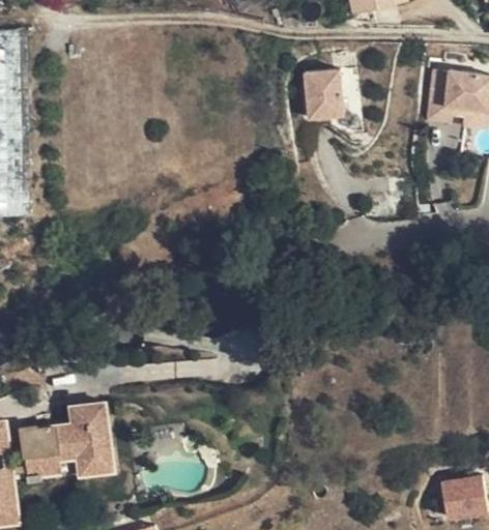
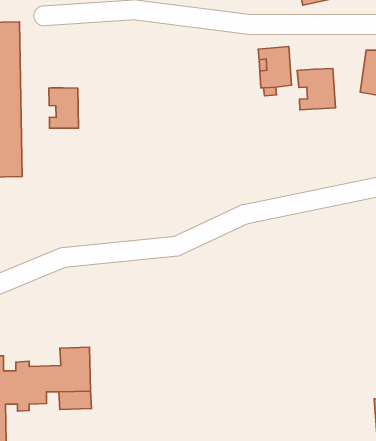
building: none -> [297,69,335,110]
building: none -> [49,88,79,128]

